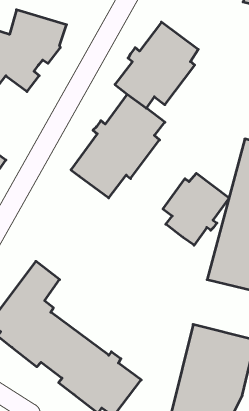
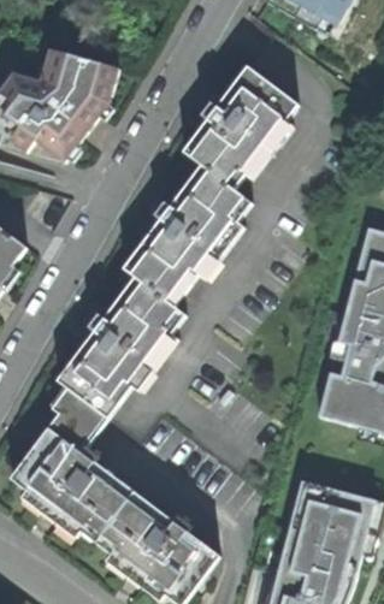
building: [163,173,229,245] -> none
building: none -> [58,274,185,416]

